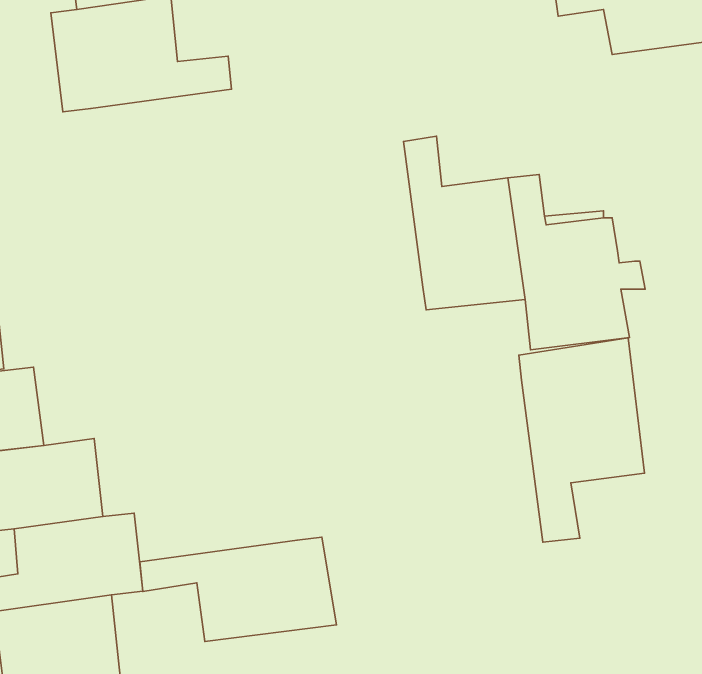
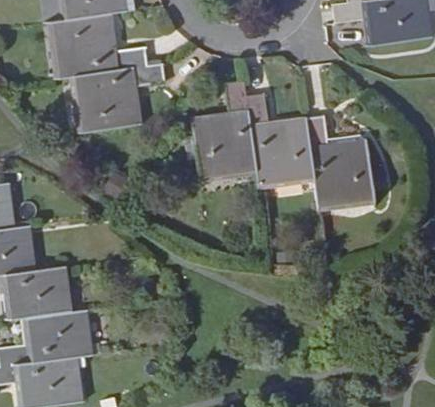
building: none -> [67,62,166,131]
building: none -> [193,80,258,186]
building: [519,338,644,542] -> none
building: [140,537,336,642] -> none

